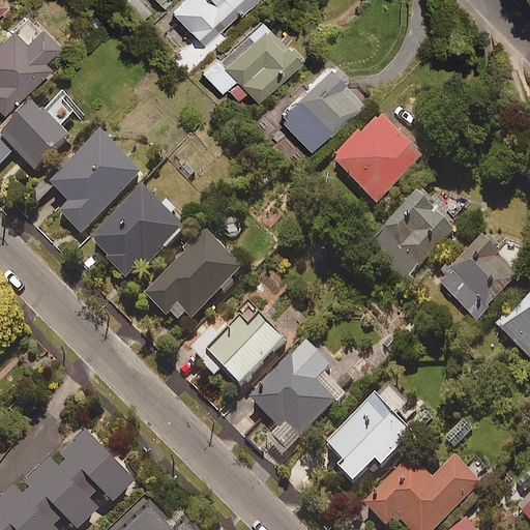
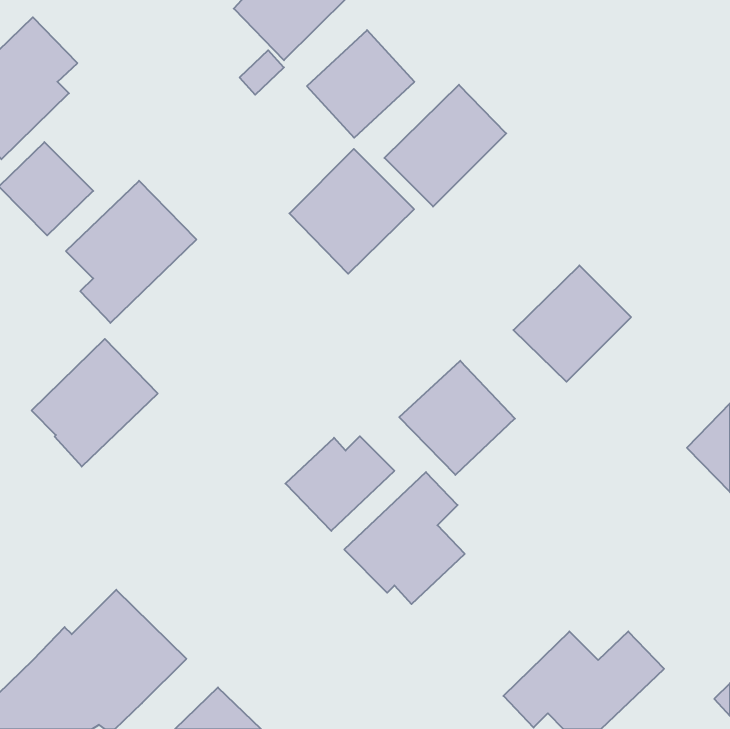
building: [332,112,422,202] -> [289,149,414,274]
building: [89,186,180,278] -> [32,339,158,467]
building: [141,230,242,319] -> none
building: [438,234,522,318] -> none
building: none -> [399,361,515,475]
building: [327,395,413,481] -> none

